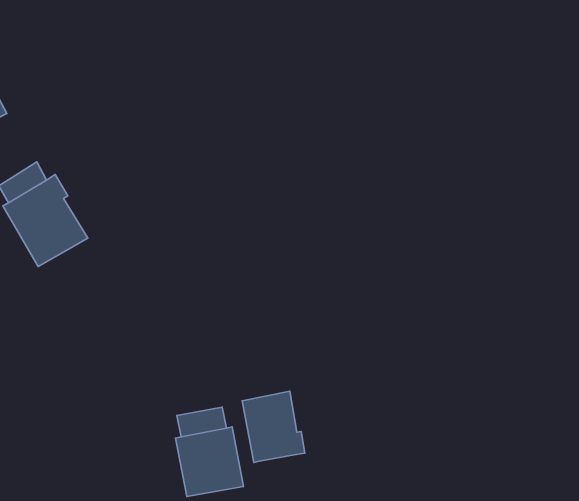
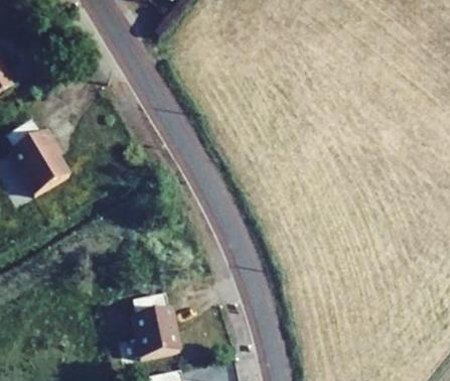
building: [242,391,305,462] -> none

